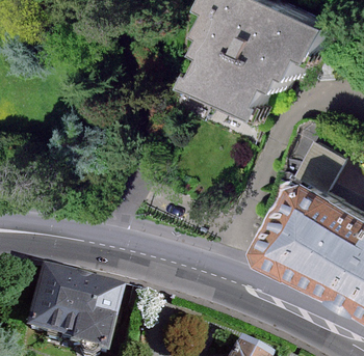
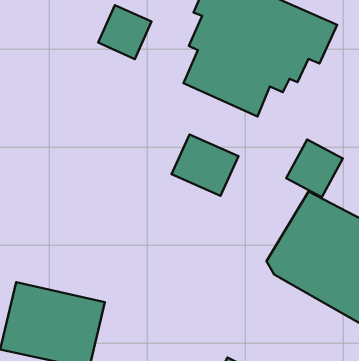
building: none -> [98,5,152,59]
building: none -> [171,134,239,196]

